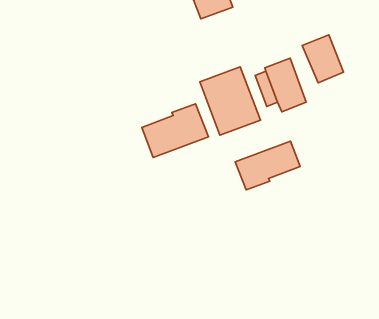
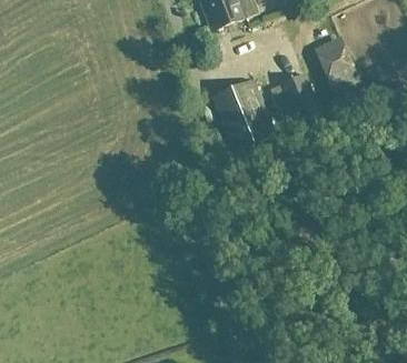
building: [142,104,208,157] -> none
building: [235,141,300,190] -> none

